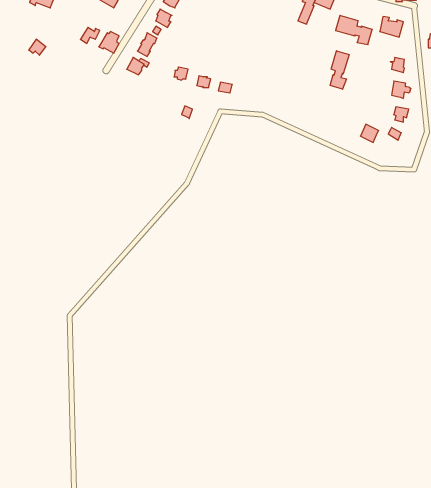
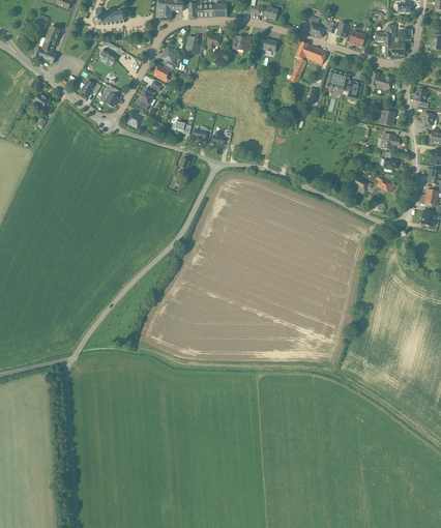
building: [330,51,349,89] -> none

